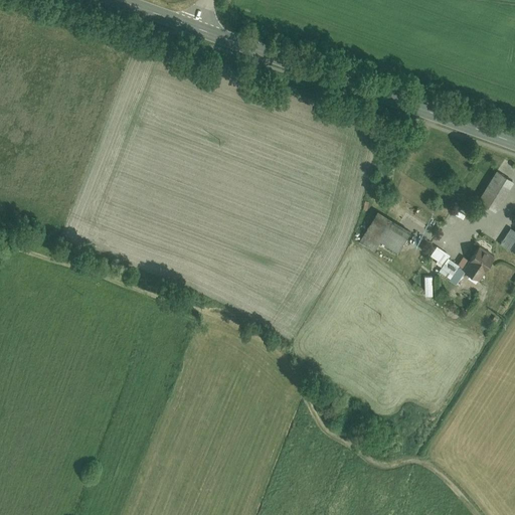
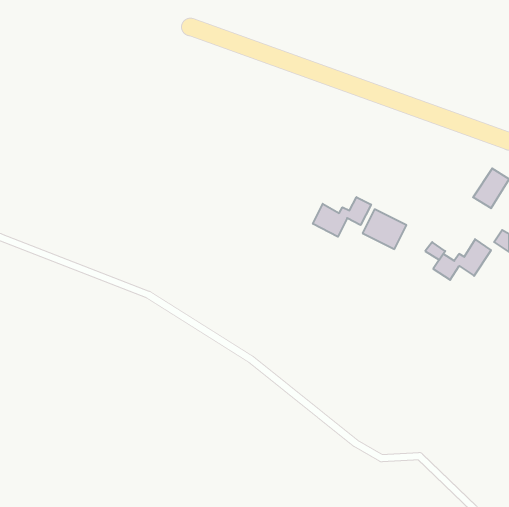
building: none -> [313,197,371,237]

